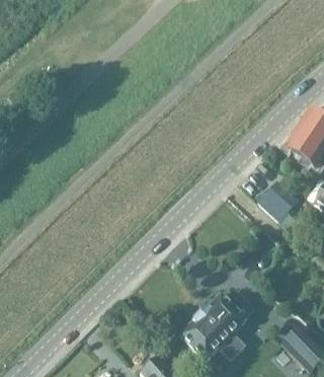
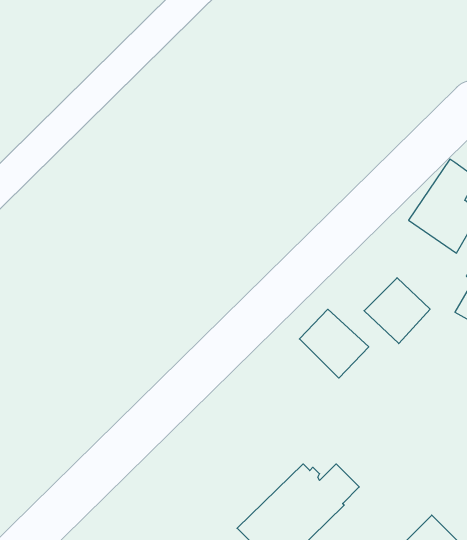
building: none -> [299,309,369,378]

